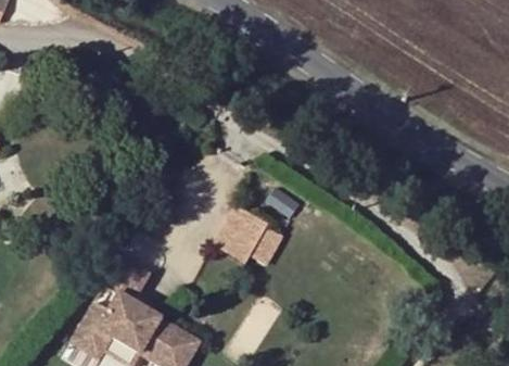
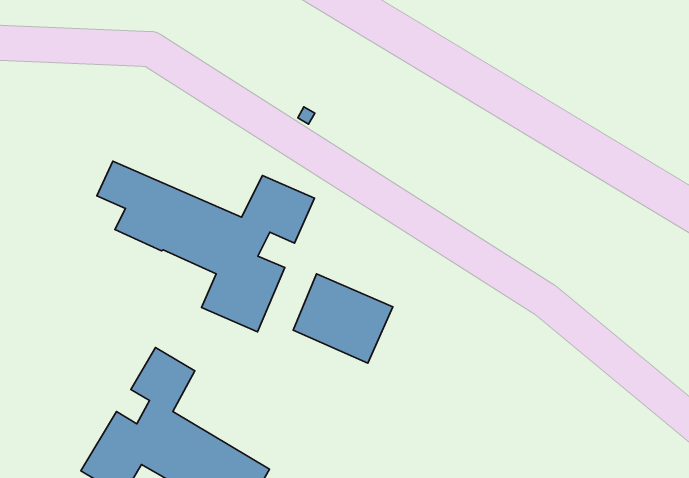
building: none -> [97,161,314,332]

